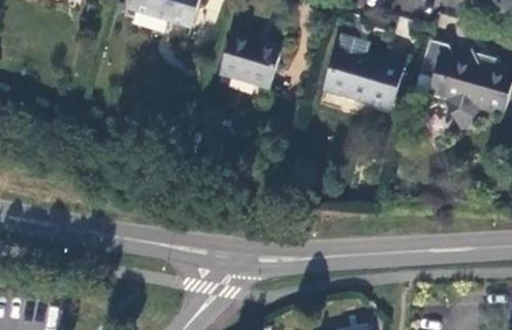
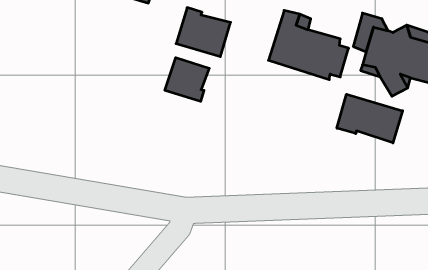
building: none -> [165,58,209,101]
building: none -> [337,94,403,143]

